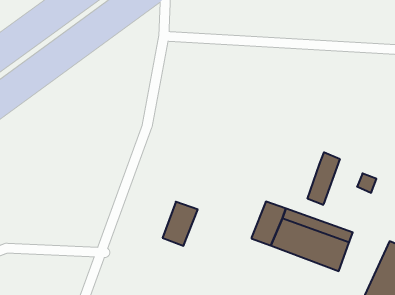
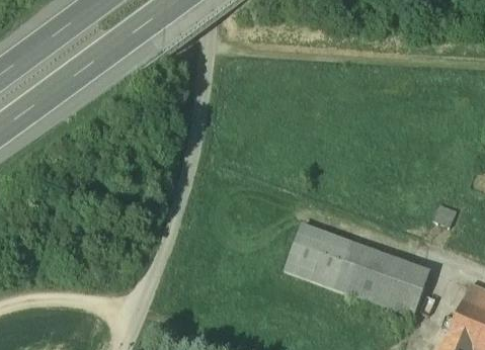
building: [308,152,340,205] -> none
building: [163,202,198,246] -> [287,227,327,277]

